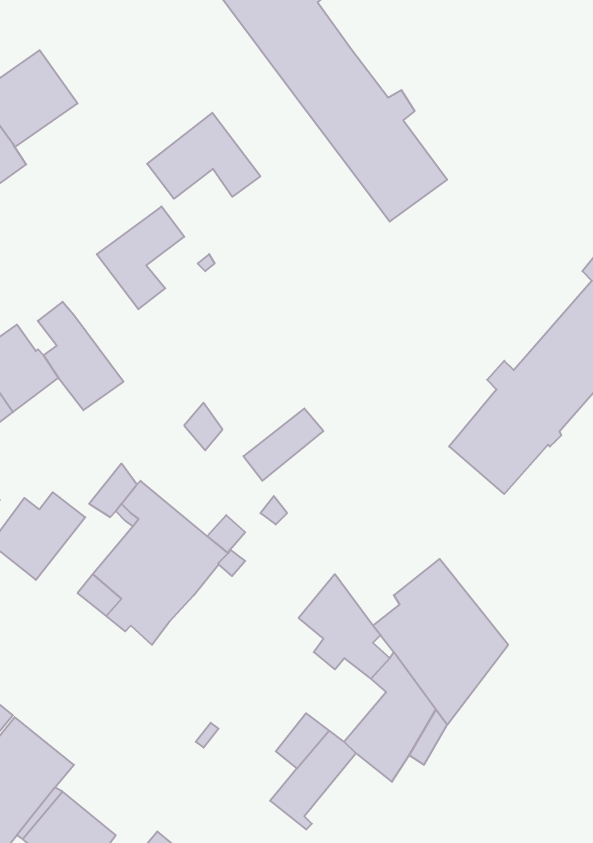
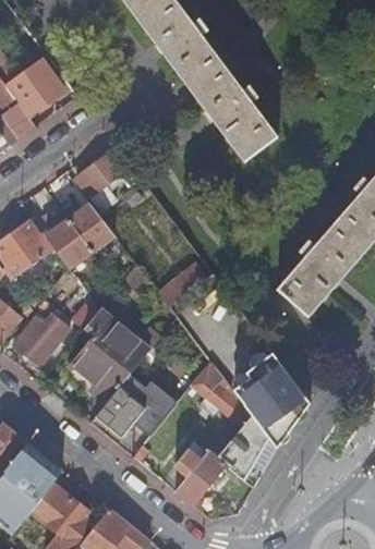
building: [147,113,260,199] -> none
building: none -> [62,202,113,252]
building: none -> [95,374,178,437]

